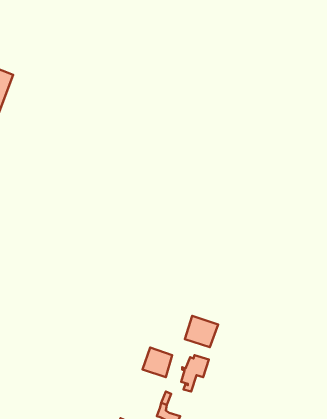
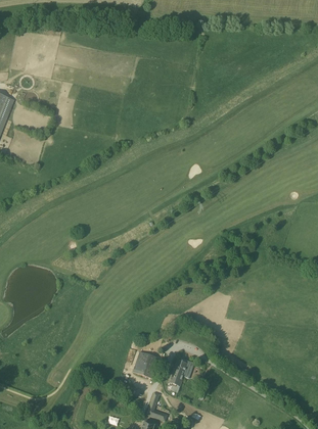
building: [185,316,218,347] -> none

